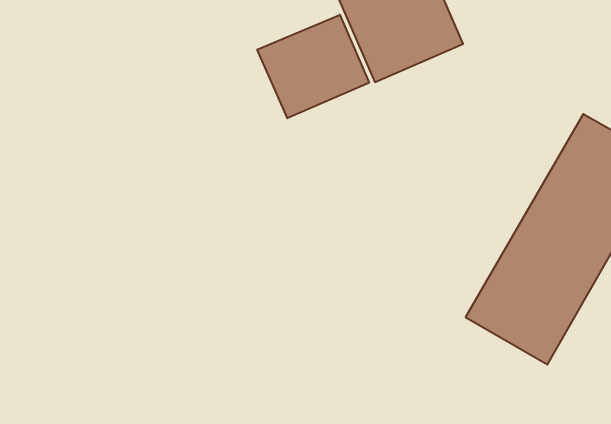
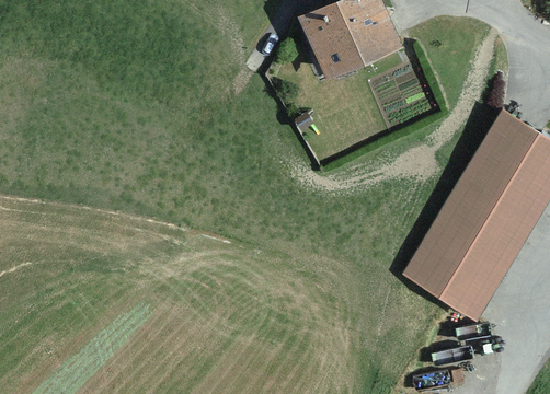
building: [257,15,369,118] -> none

